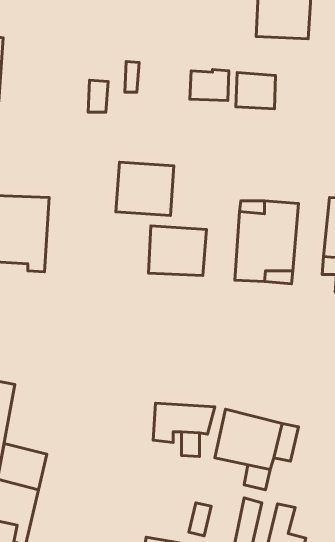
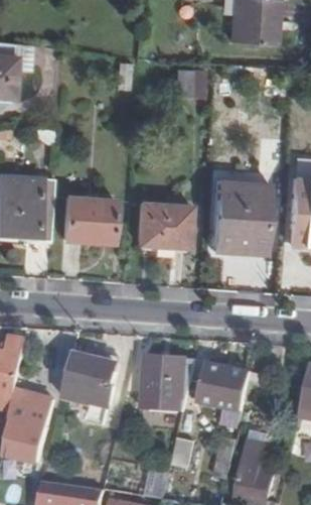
building: [236,73,276,109] -> none
building: [116,162,174,215] -> [62,199,112,244]
building: none -> [62,351,115,405]

